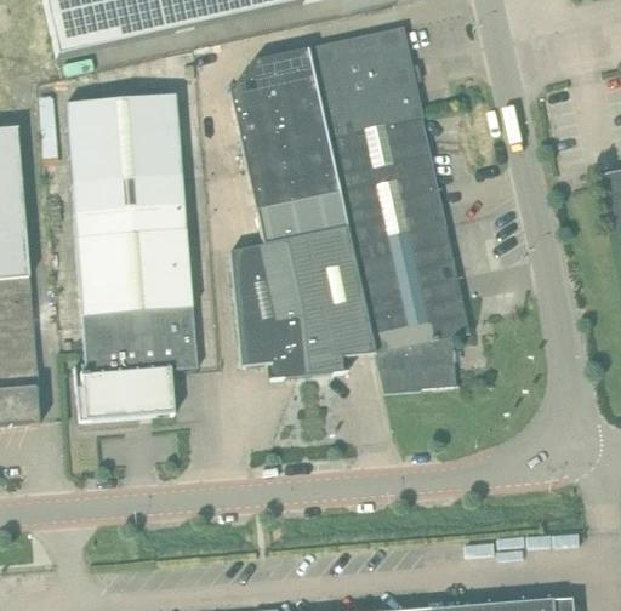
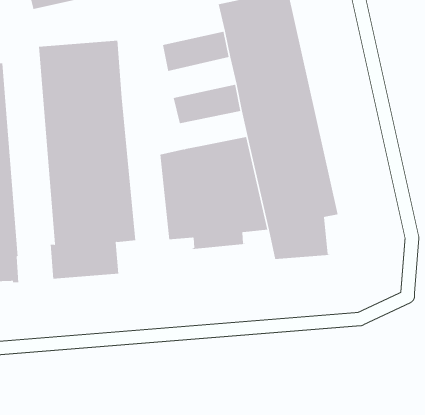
building: [229,45,317,99] -> none
building: [240,116,332,171] -> none
building: [256,189,347,240] -> none

